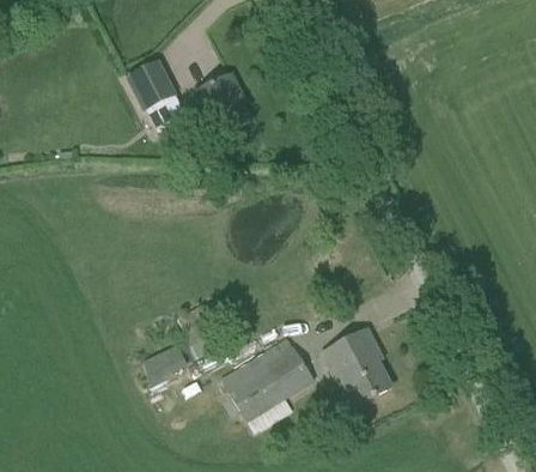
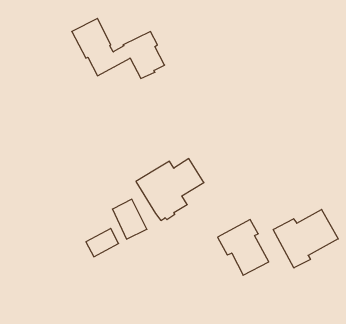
building: none -> [273,209,338,268]
building: [221,346,313,430] -> [136,159,204,220]

